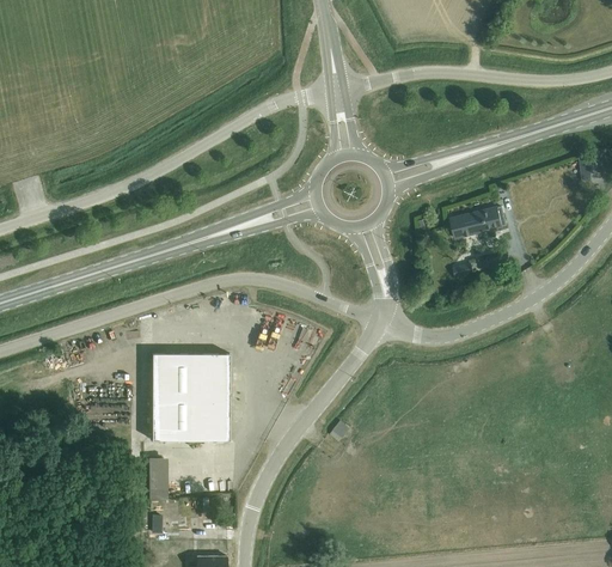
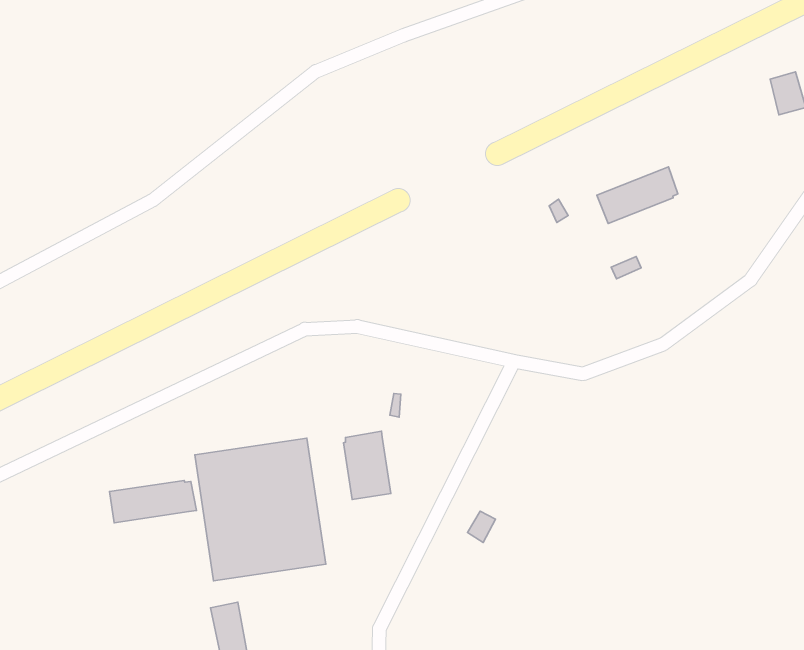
building: none -> [344,431,391,499]
building: none -> [109,480,196,523]

